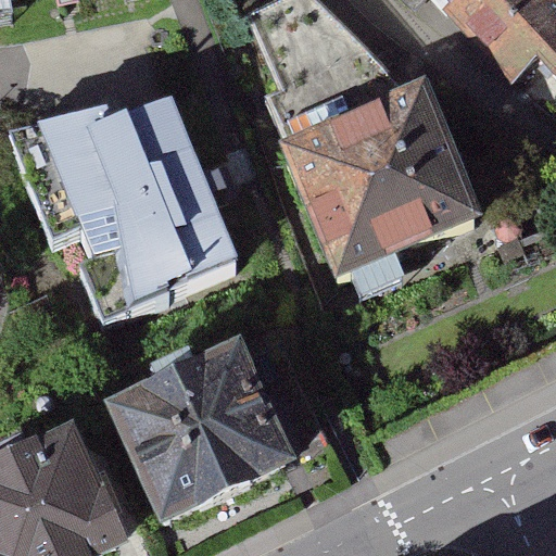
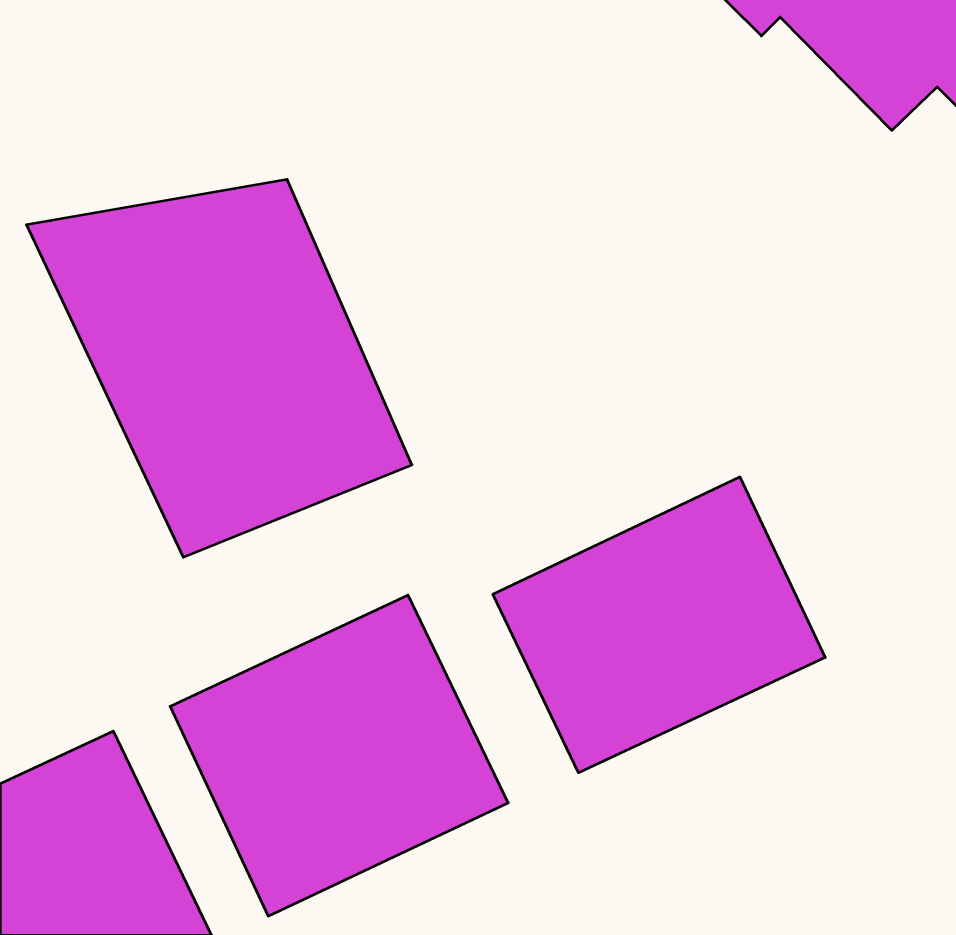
building: [279,83,482,281] -> none
building: none -> [493,477,825,773]

